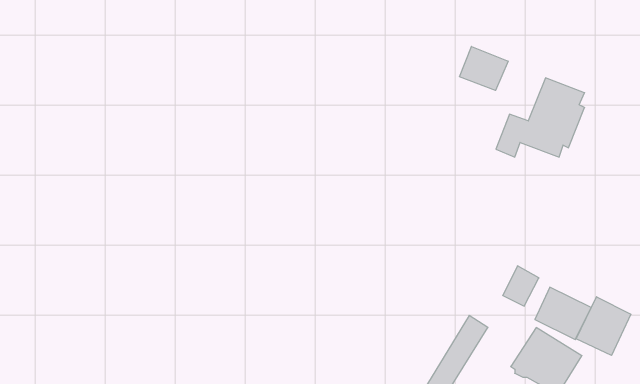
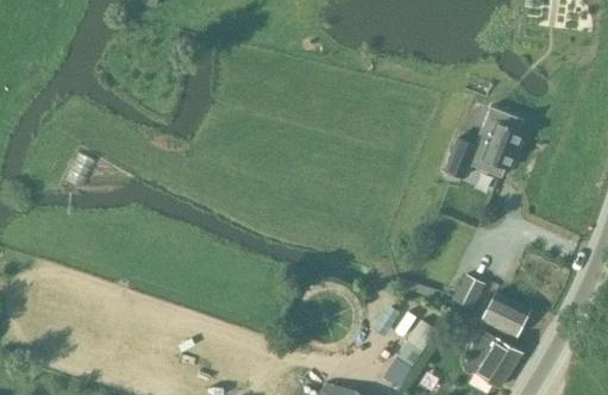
building: [460,46,508,90] -> none
building: [576,297,631,355] -> none

